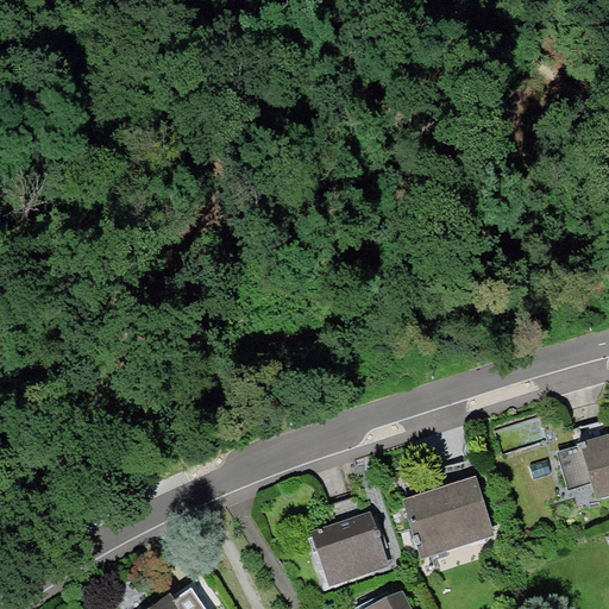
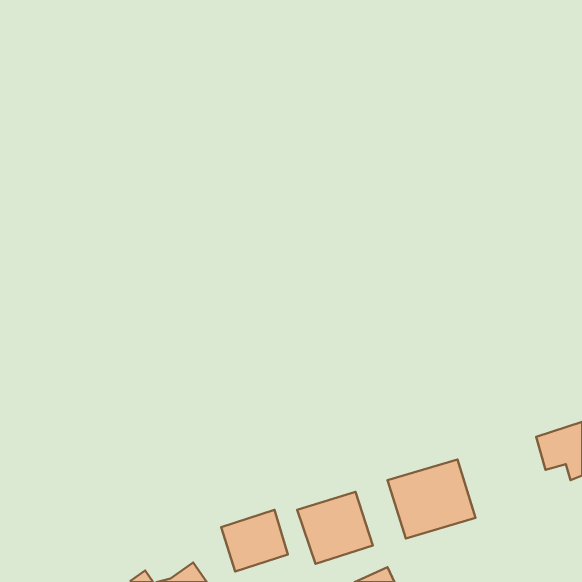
building: none -> [221,510,288,571]

